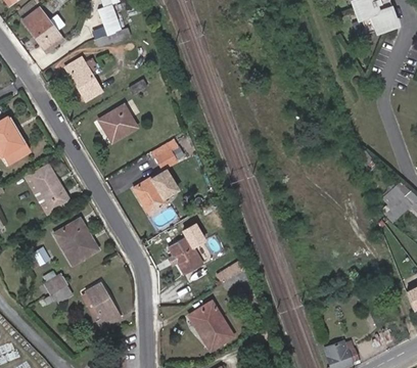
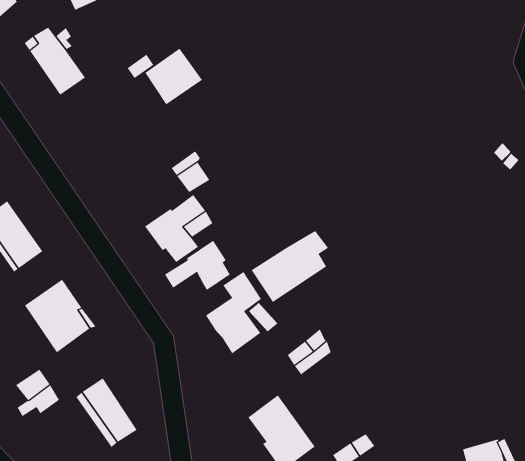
building: [100,105,137,141] -> [144,48,203,105]
building: none -> [251,230,329,303]
building: none -> [164,240,231,291]

